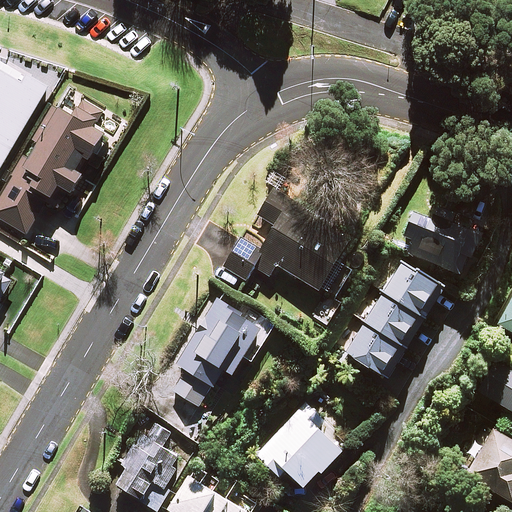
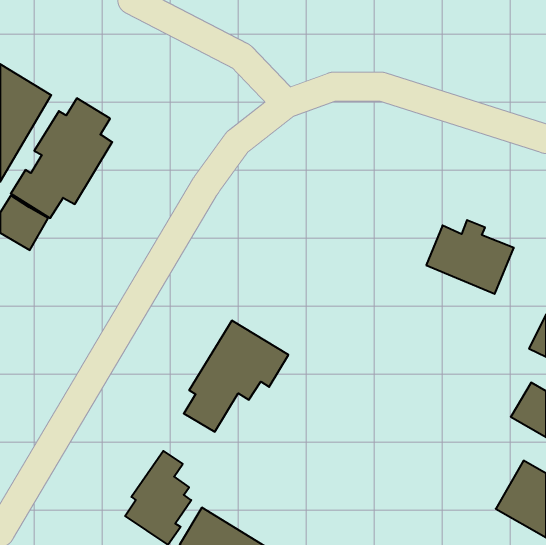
building: [224,190,347,291] -> none
building: [346,260,438,374] -> none
building: [257,403,343,489] -> none

